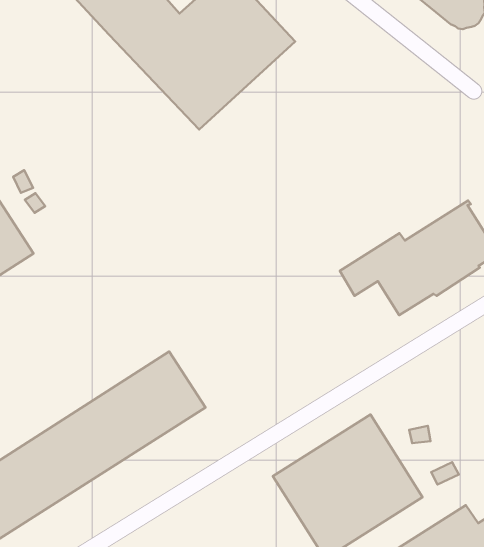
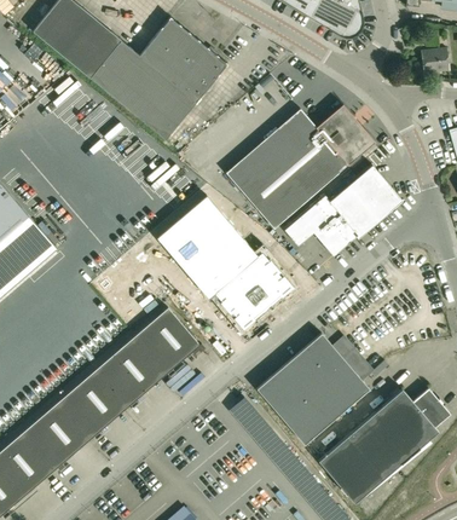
building: none -> [226,105,375,230]
building: none -> [157,193,291,327]

